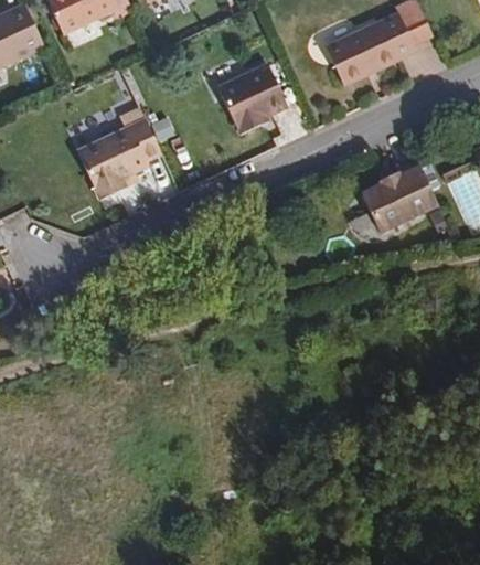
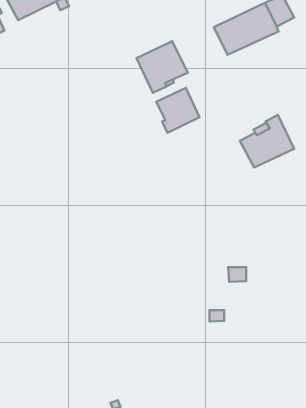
building: [79,106,163,198] -> none
building: none -> [156,88,200,133]

